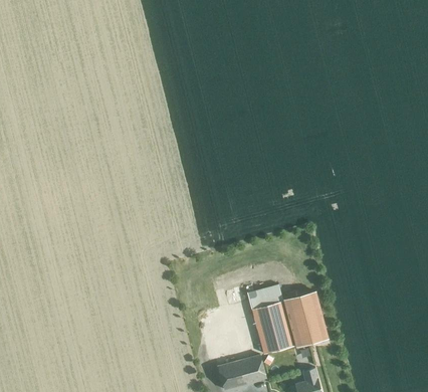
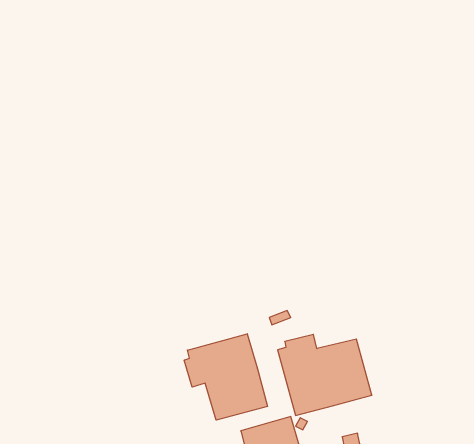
building: none -> [184,334,268,420]

